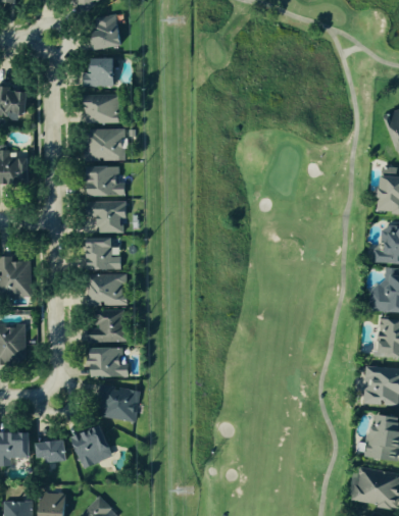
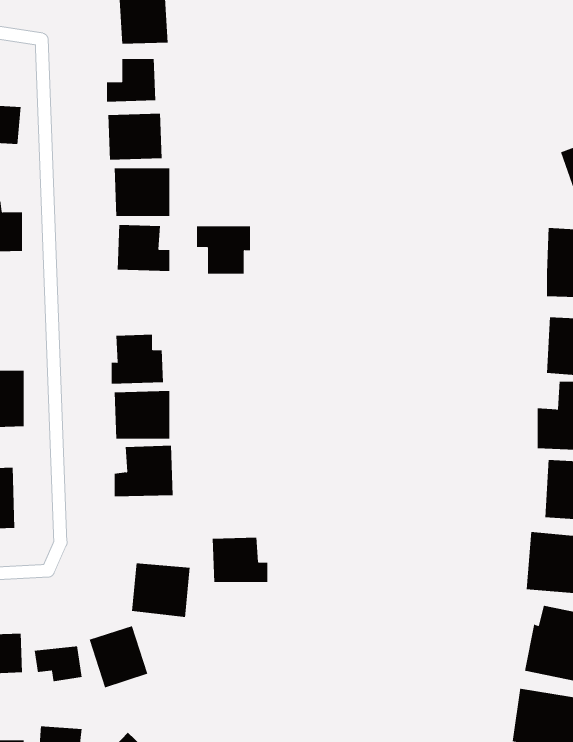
building: [91,201,127,233] -> [196,226,251,274]
building: [92,347,129,376] -> [212,537,268,582]

